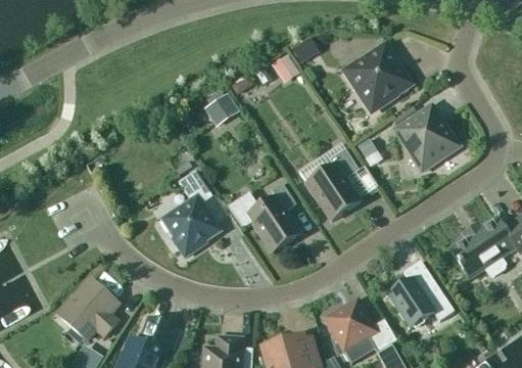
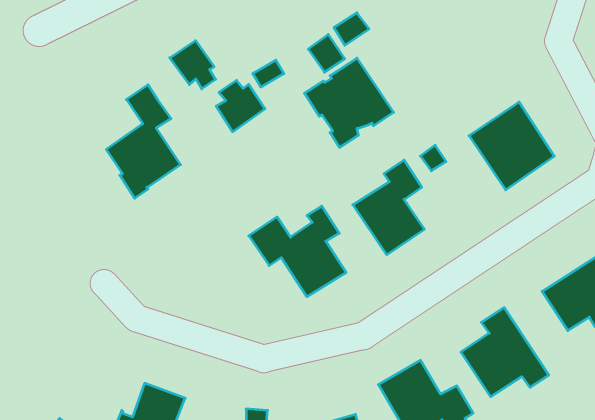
building: [344,43,412,110] -> [304,58,394,147]
building: none -> [170,41,216,89]
building: [162,170,219,256] -> [106,85,181,198]
building: [58,278,117,338] -> none

